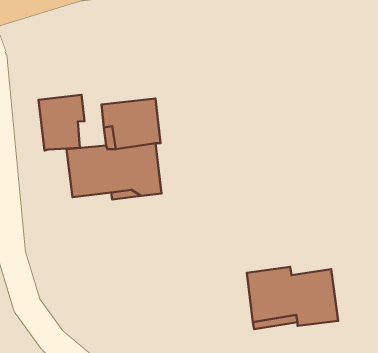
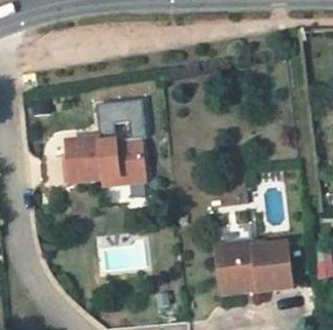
building: [39,95,85,151] -> none

